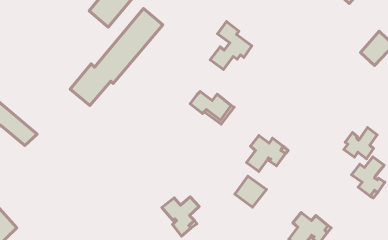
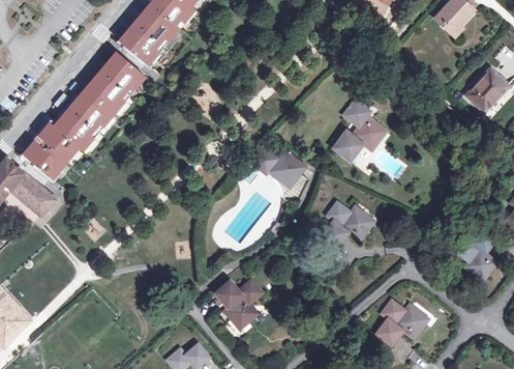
building: [70,8,163,106] -> [26,54,144,177]
building: [210,22,252,70] -> [334,100,387,161]
building: [344,128,377,159] -> none
building: [235,176,266,207] -> none

